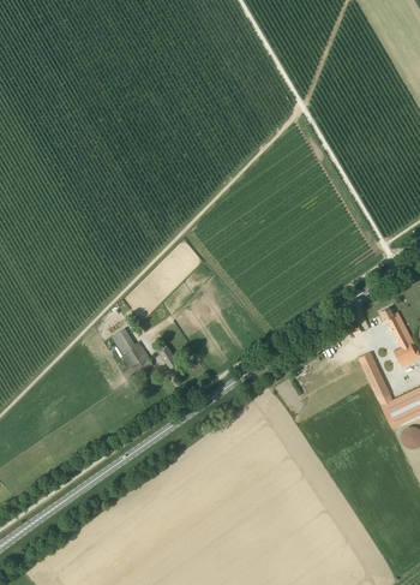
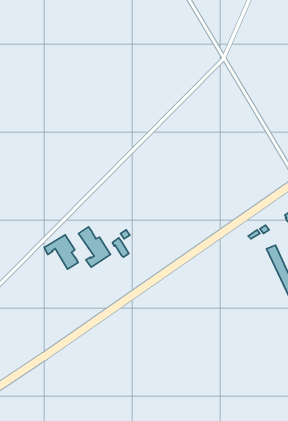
building: none -> [44,235,78,269]

